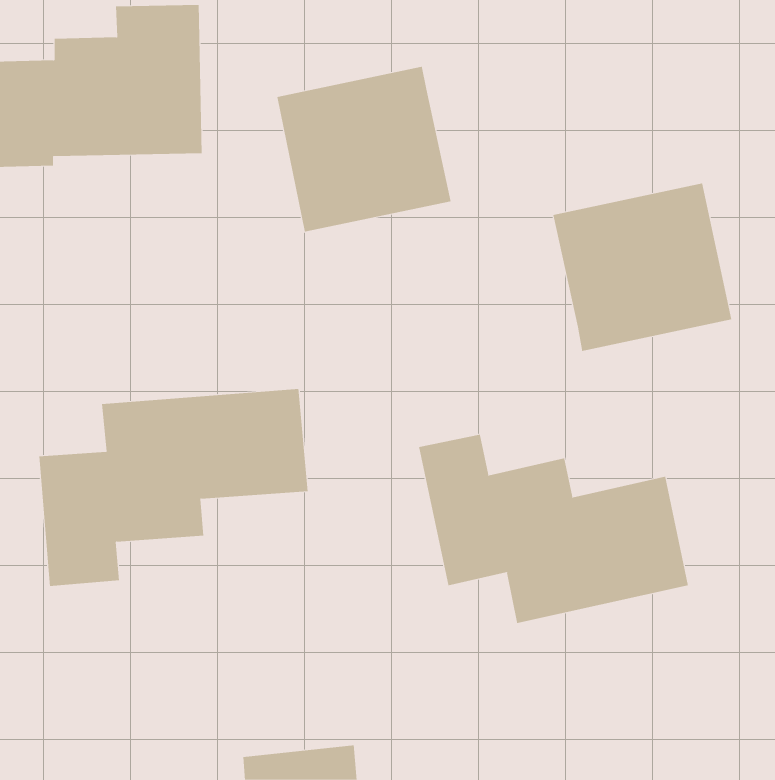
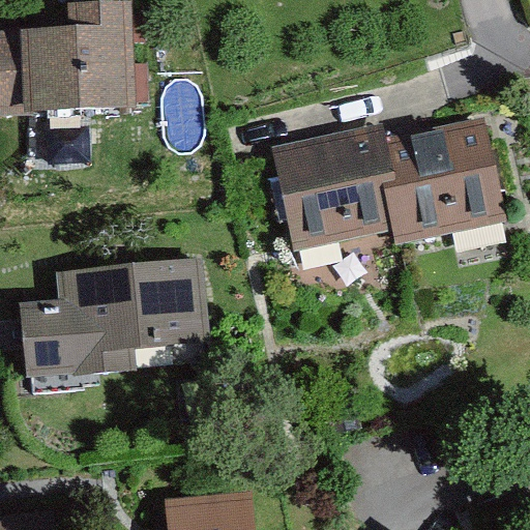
building: [277,66,452,232] -> [271,129,389,241]
building: [419,434,688,624] -> none

